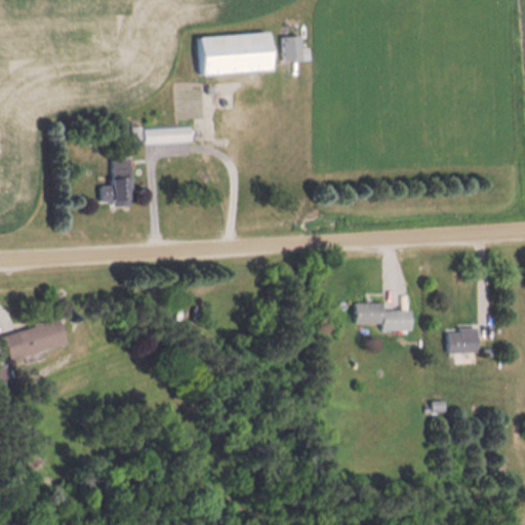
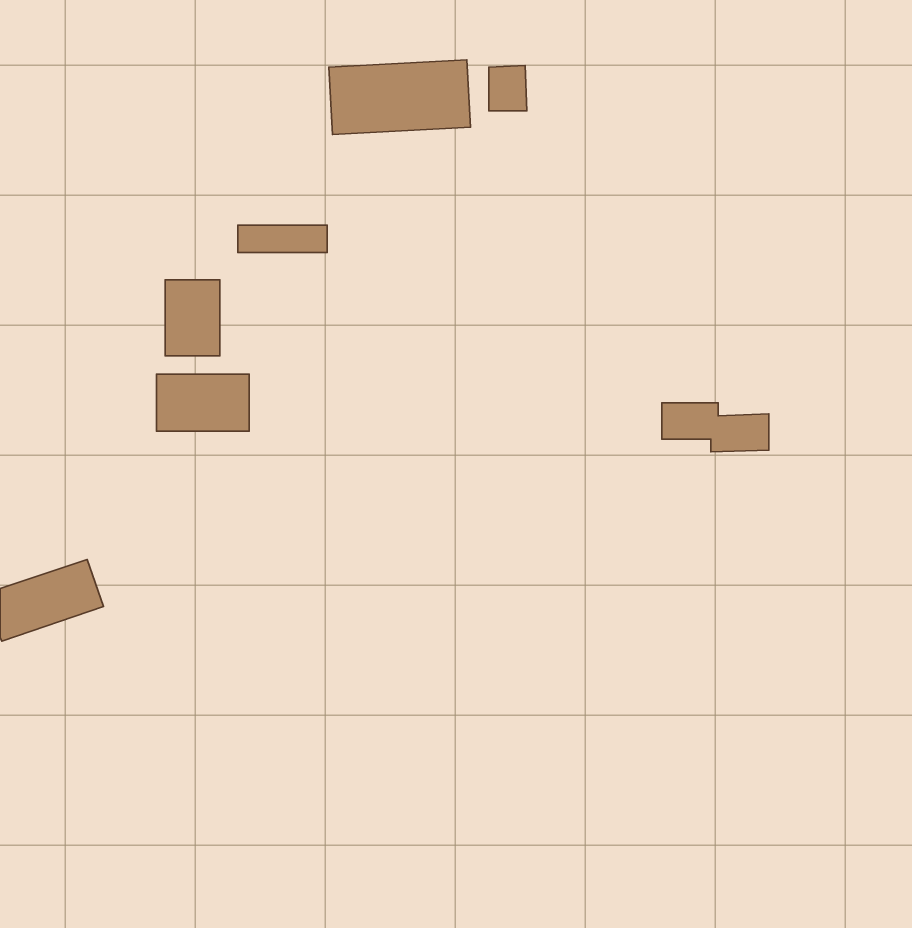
building: none -> [156,374,249,431]
building: [354,302,414,330] -> [662,403,769,452]
building: [447,327,481,353] -> none

